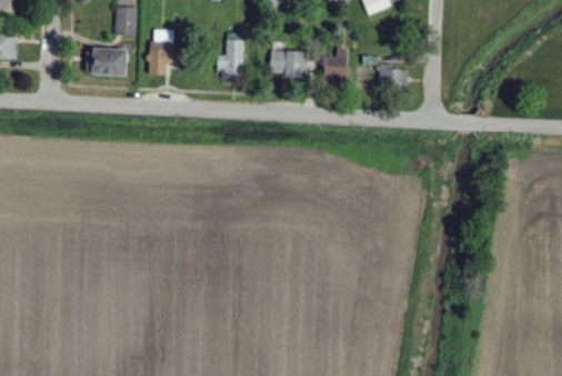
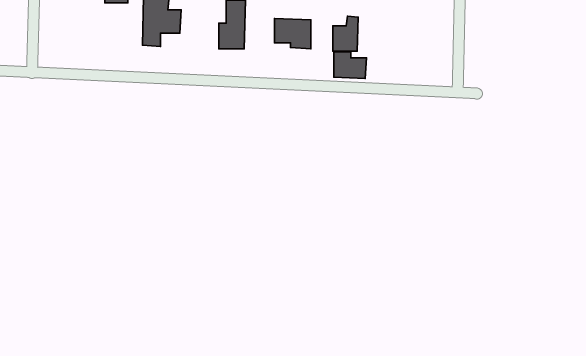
building: [91,49,126,76] -> none
building: [378,63,408,88] -> [334,52,366,79]

